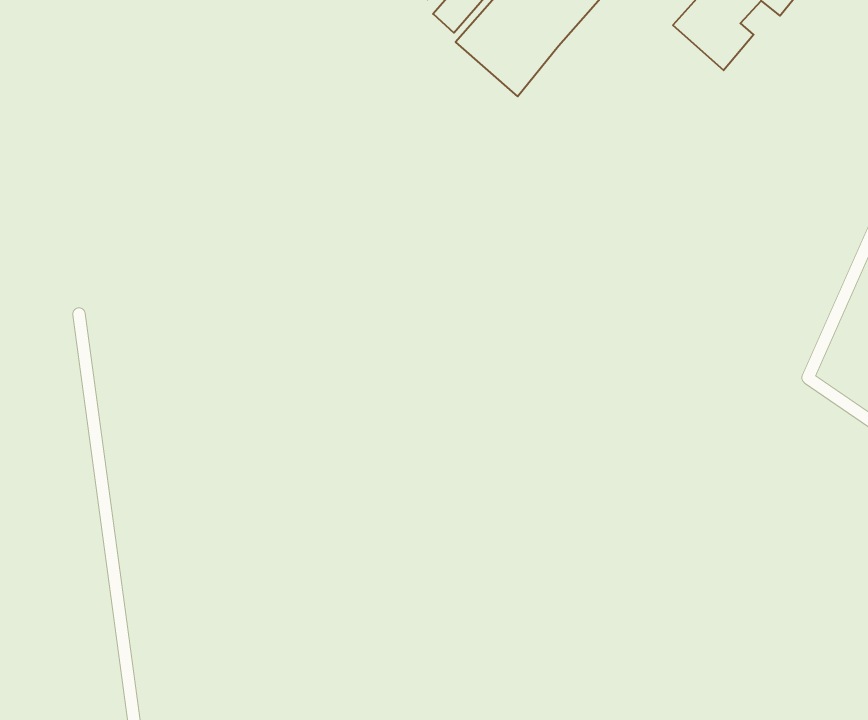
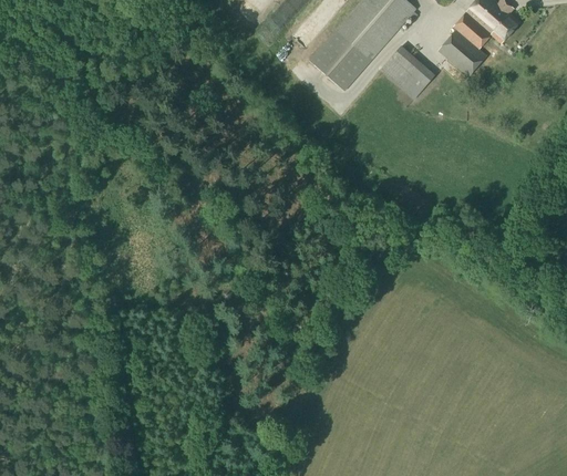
building: none -> [380,45,435,100]

